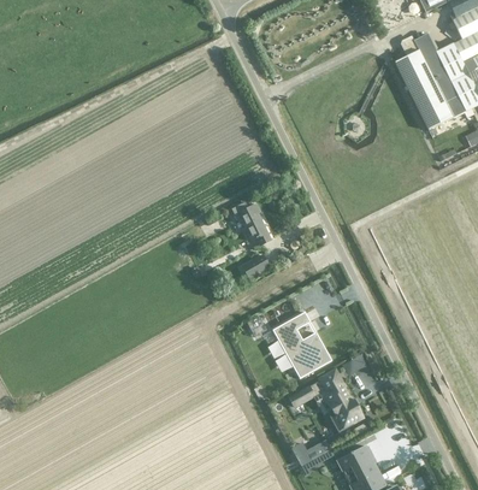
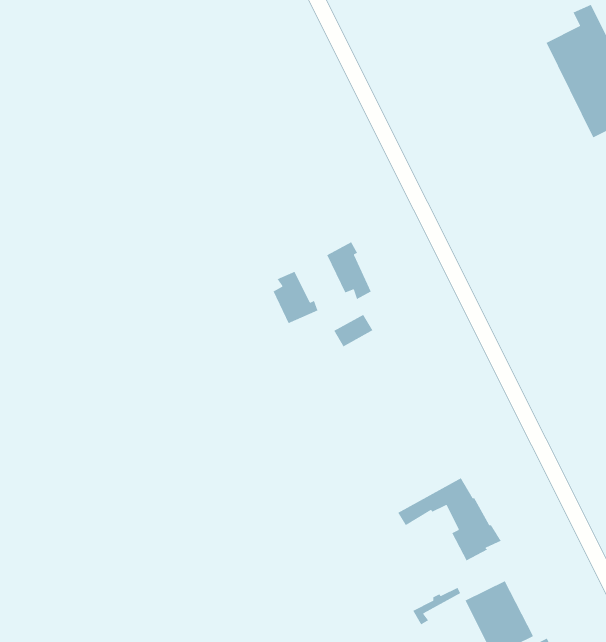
building: none -> [272,271,319,324]
building: [271,312,331,377] -> none

